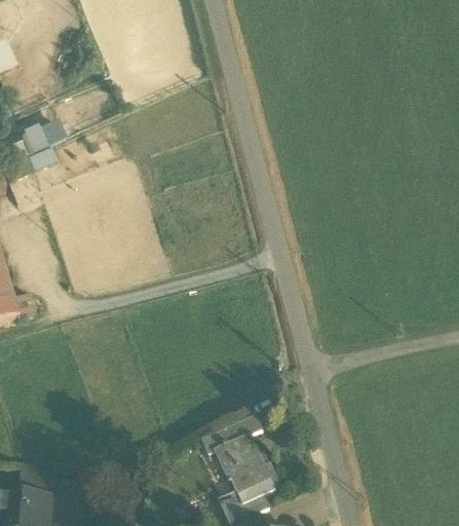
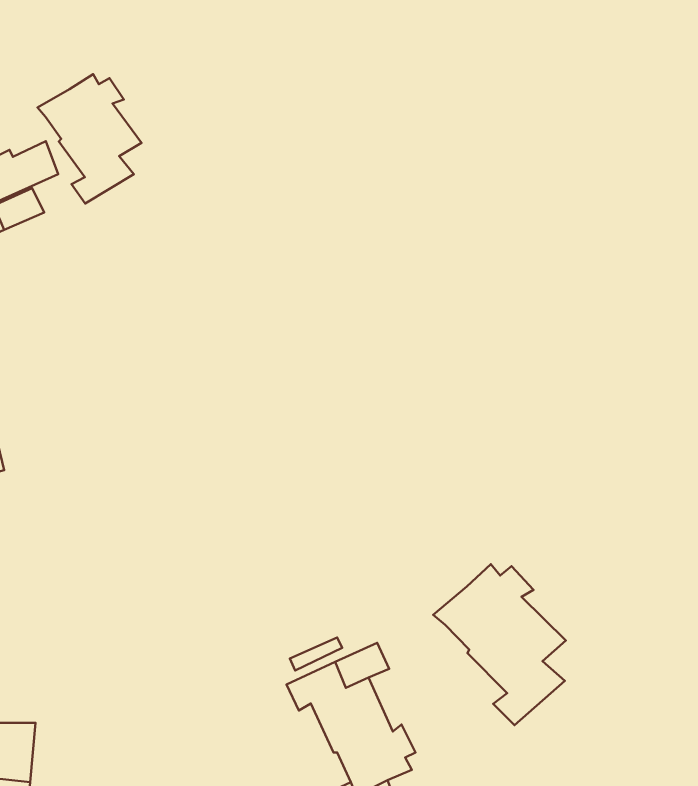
building: none -> [37,74,142,203]
building: none -> [433,564,566,725]

